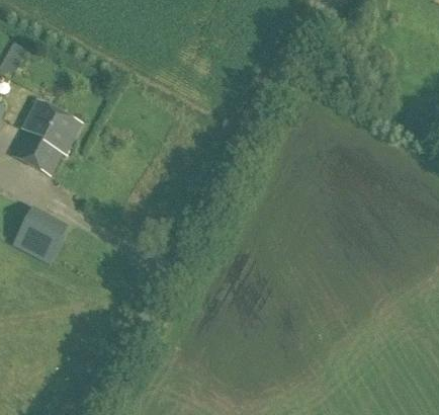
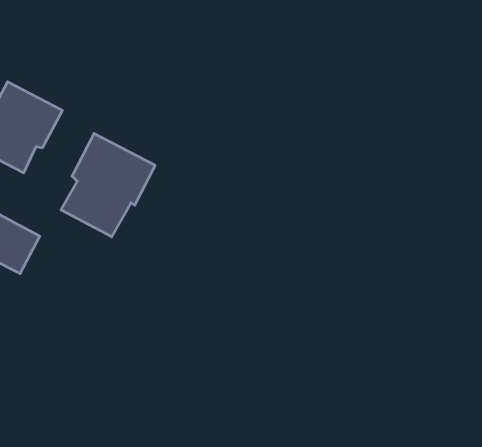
building: none -> [61,133,155,237]

